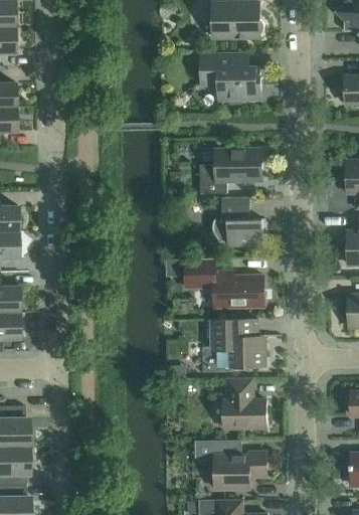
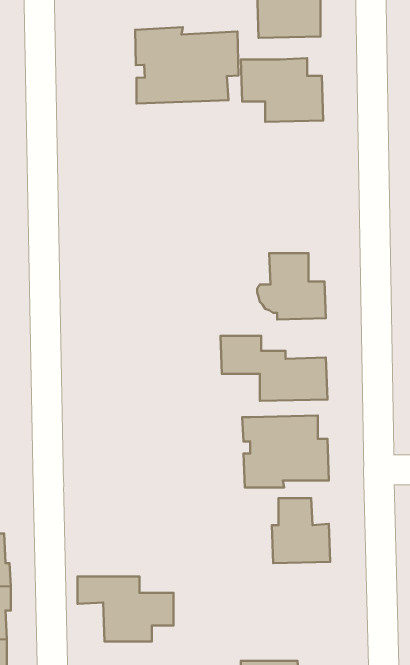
building: none -> [135,27,238,104]
building: [200,149,262,194] -> none
building: [195,441,266,489] -> [77,577,173,642]

